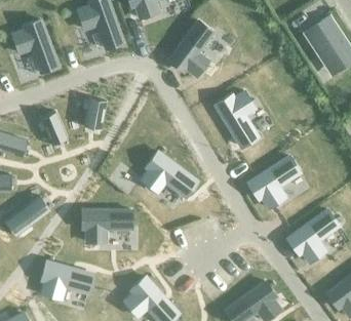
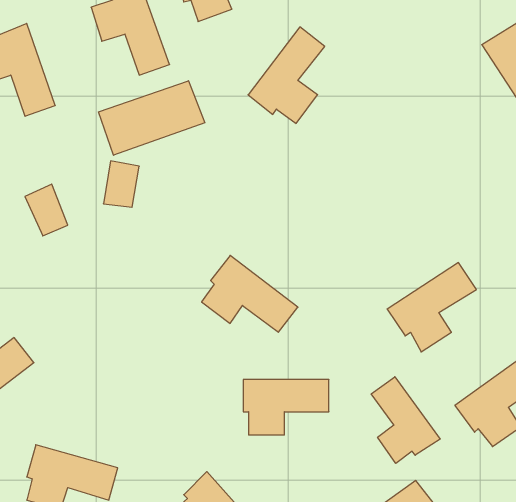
building: none -> [98,81,205,155]
building: [216,91,258,147] -> none
building: [83,210,132,242] -> [243,380,329,435]
building: none -> [371,377,440,463]

